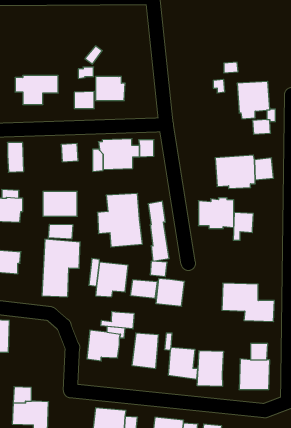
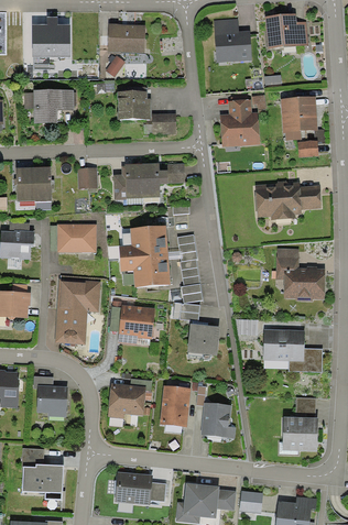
building: none -> [264,13,307,48]
building: none -> [32,18,69,57]
building: none -> [213,19,251,63]
building: none -> [107,24,144,53]
building: none -> [219,99,259,146]
building: [74,91,94,109] -> [152,113,175,133]
building: none -> [33,167,52,200]
building: [198,198,234,229] -> [283,266,324,302]
building: [48,224,73,239] -> none
building: [131,280,157,299] -> none
building: [101,311,134,329] -> none
building: none -> [32,374,64,415]
building: [197,351,223,386] -> none

